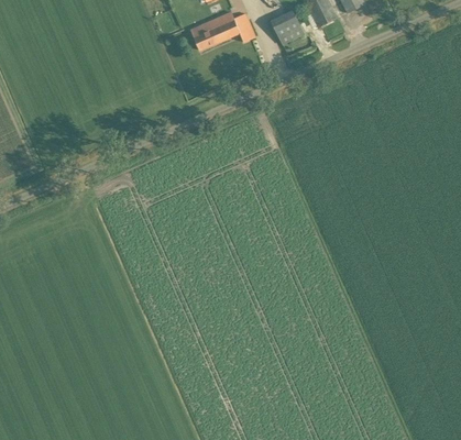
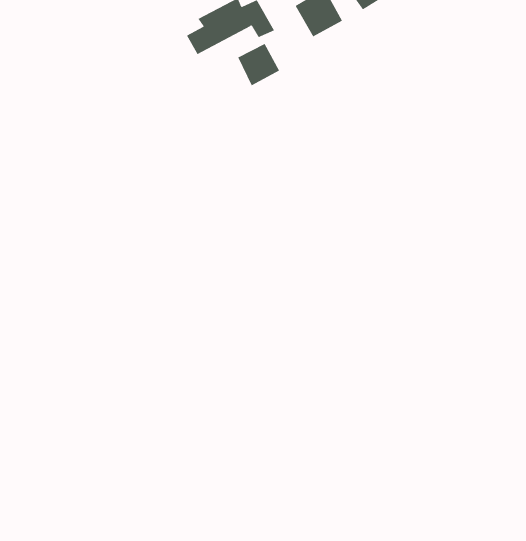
building: none -> [237,43,280,86]

